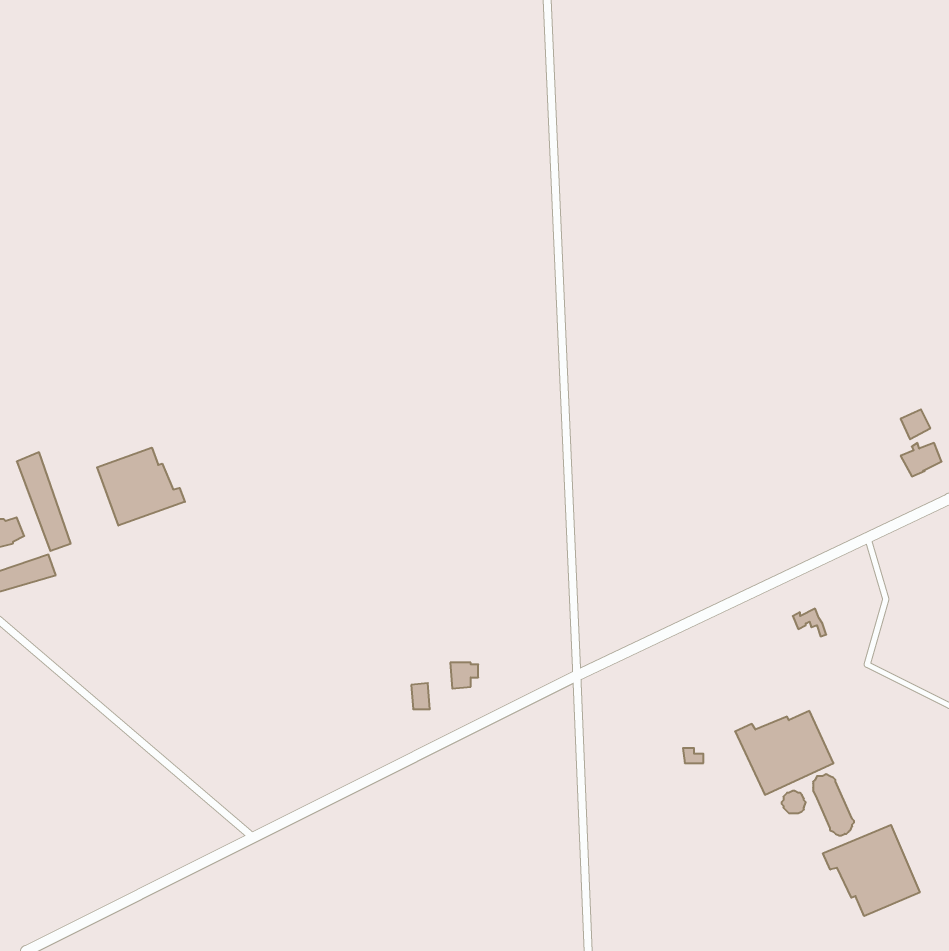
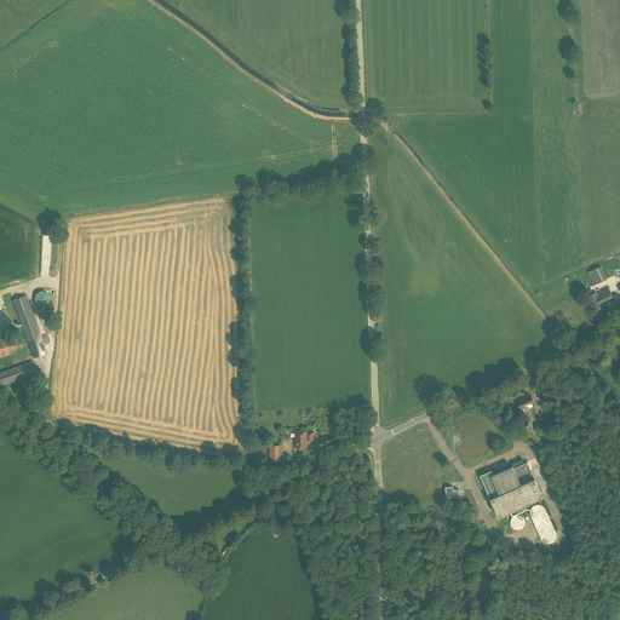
building: [97,448,185,526] -> none
building: [823,825,920,916] -> none

